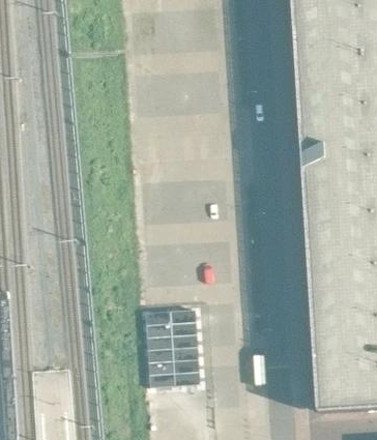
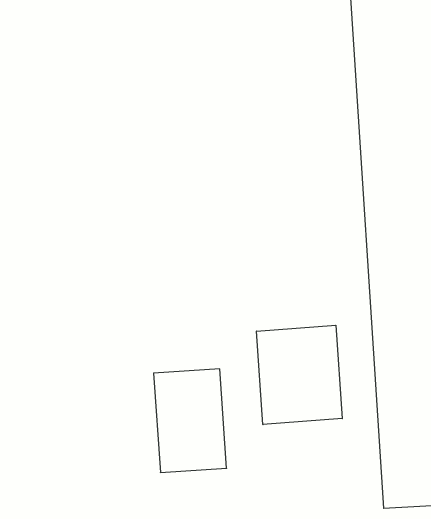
building: none -> [257,325,342,425]

